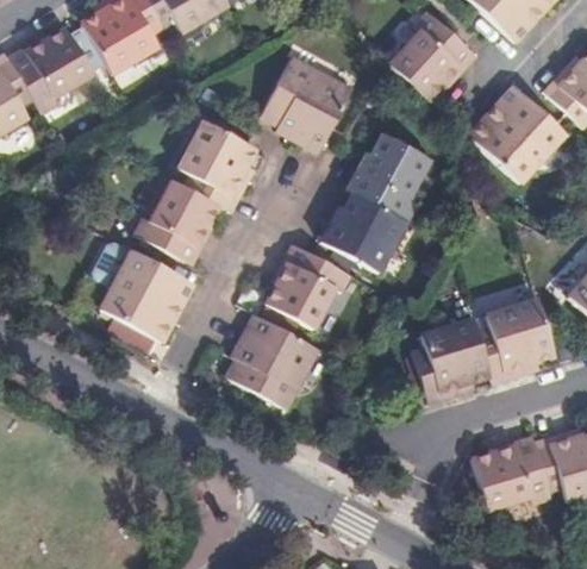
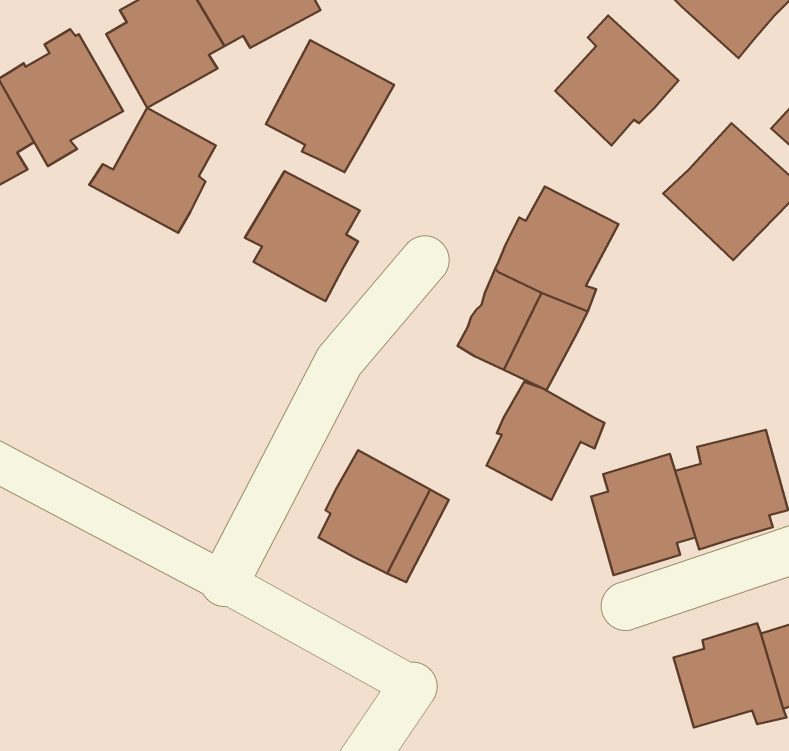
building: [261,57,350,149] -> [266,40,394,172]
building: [130,176,218,263] -> [89,108,216,233]
building: [266,243,348,325] -> [486,382,605,500]
building: [100,248,194,339] -> none

